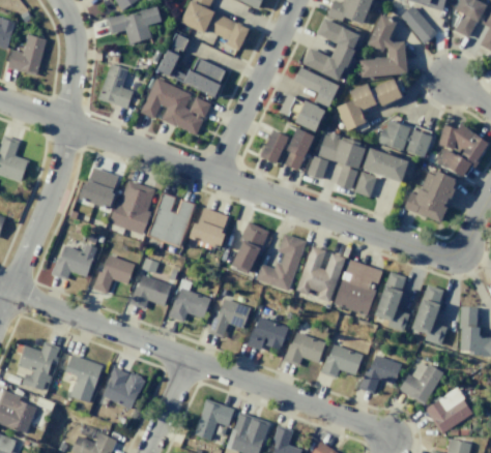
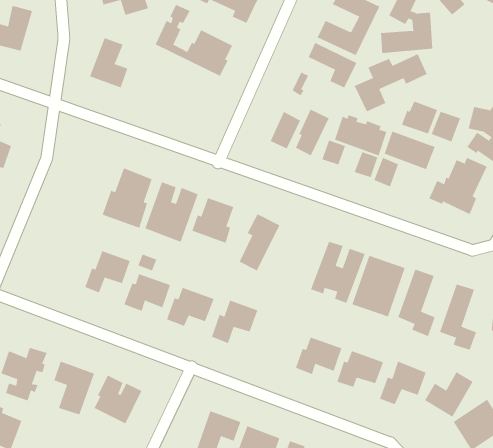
building: [140,78,211,134] -> none
building: [295,100,325,131] -> none
building: [80,168,117,209] -> none
building: [256,234,306,291] -> none
building: [51,243,97,280] -> none
building: [247,316,289,351] -> none

